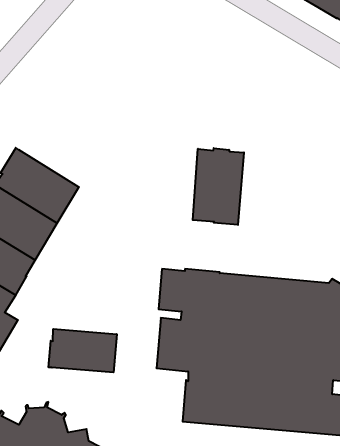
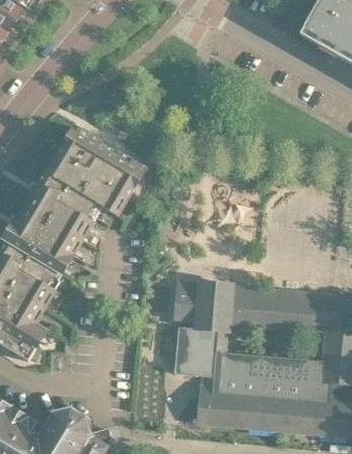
building: none -> [44,126,142,216]
building: [193,148,244,225] -> none
building: [49,329,117,372] -> none

